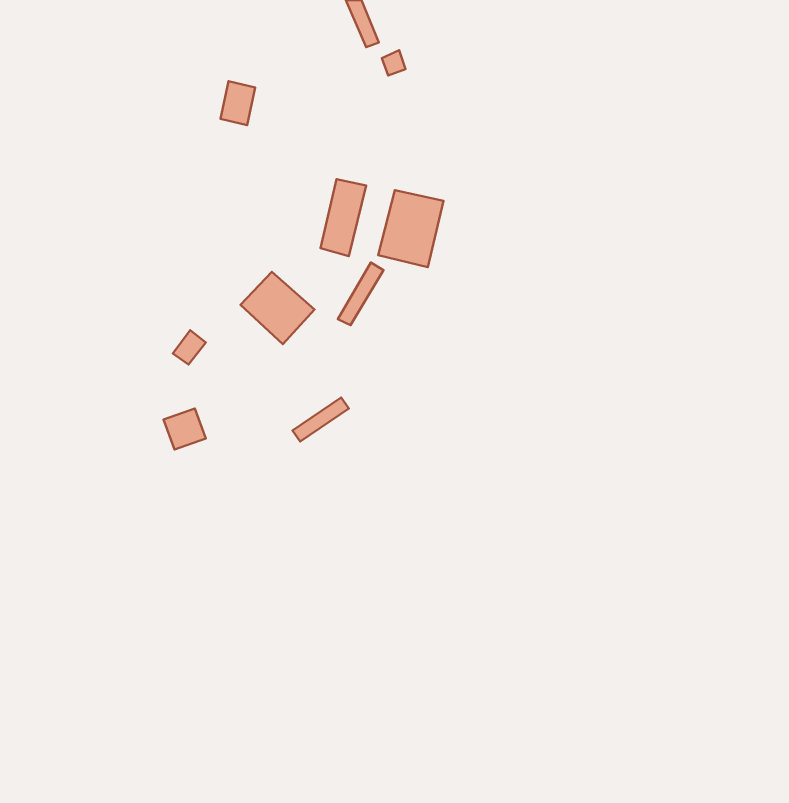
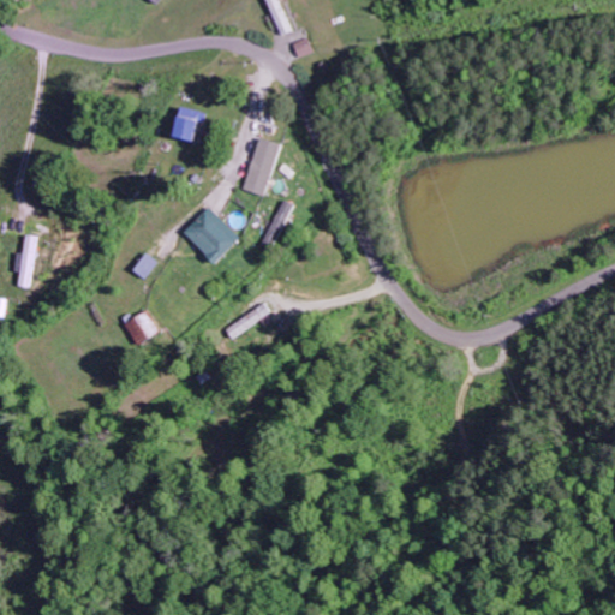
building: [221,81,255,125] -> [178,107,204,141]
building: [378,190,443,267] -> none
building: none -> [11,234,35,287]

